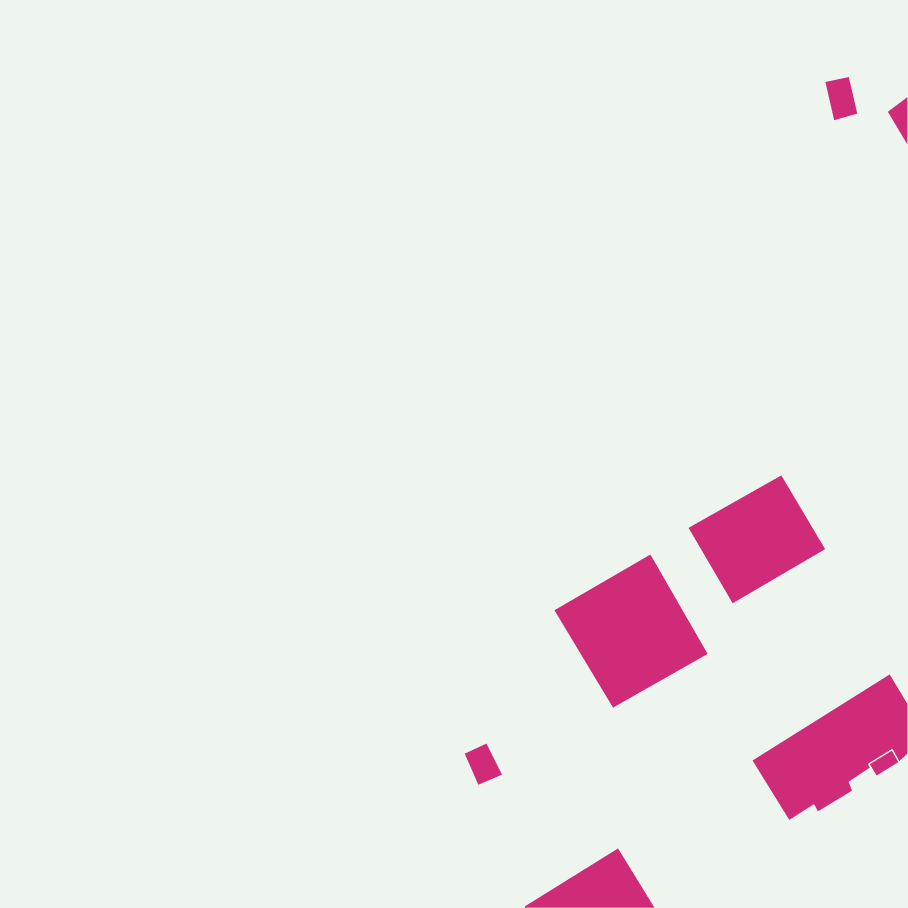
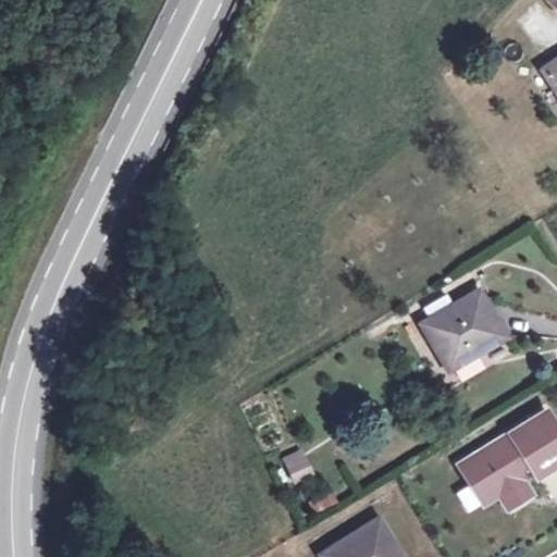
building: [554,553,708,709] -> none

